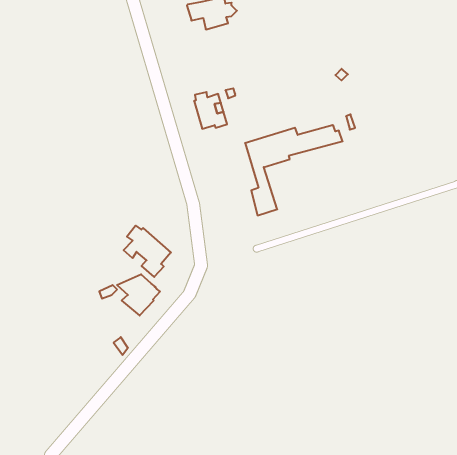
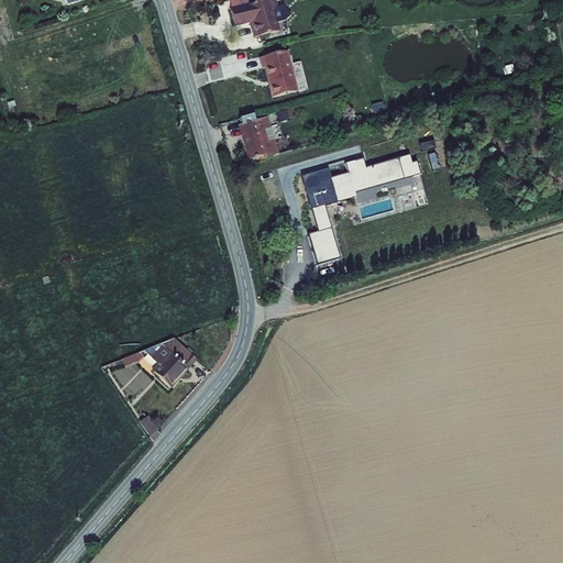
building: none -> [260,49,298,97]
building: [124,226,171,277] -> none

